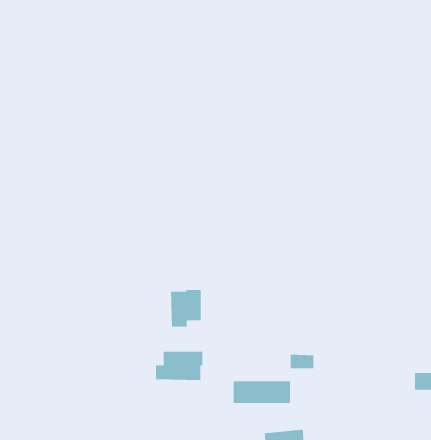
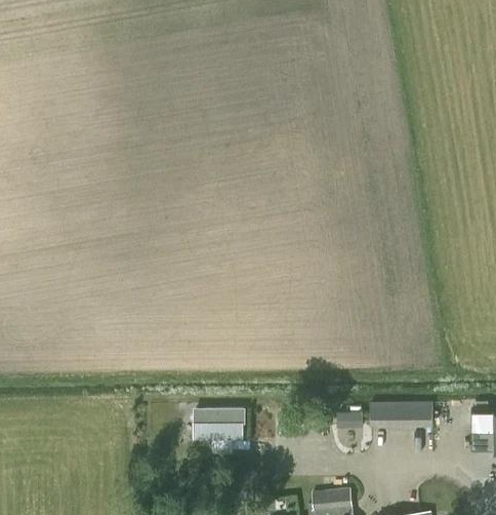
building: [170,289,202,327] -> none
building: [233,381,291,404] -> [369,403,430,428]

